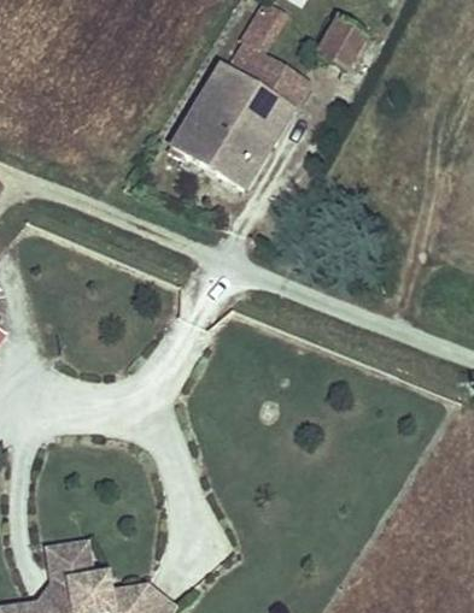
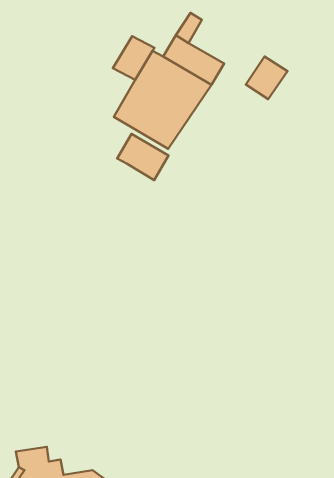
building: [316,17,368,70] -> [246,56,288,99]
building: none -> [117,134,168,180]

